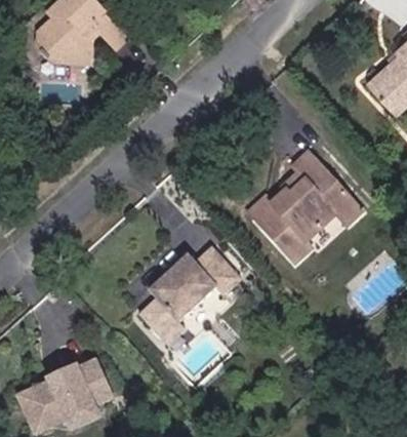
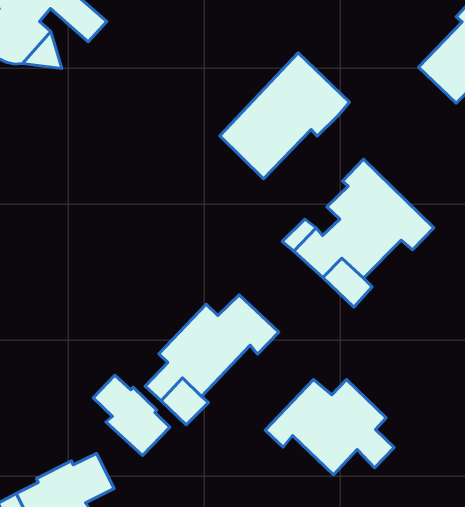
building: none -> [220,53,349,179]
building: none -> [93,375,170,456]
building: none -> [265,380,394,475]

